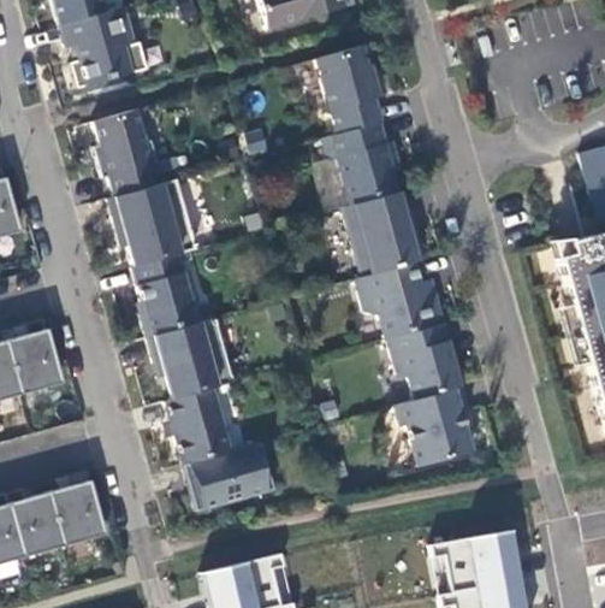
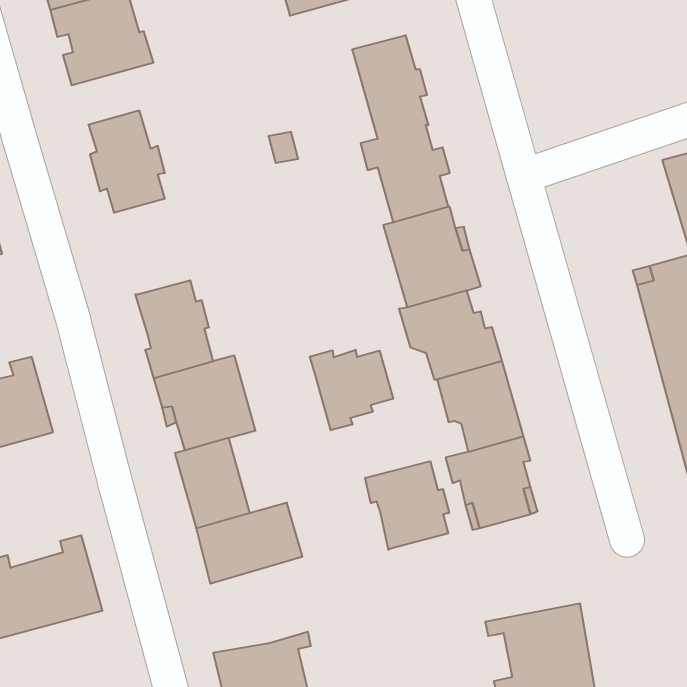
building: [108,179,196,266] -> none
building: none -> [310,350,393,430]
building: none -> [365,461,449,550]

